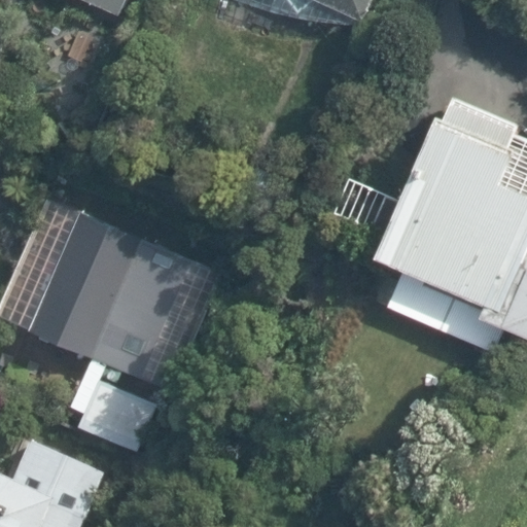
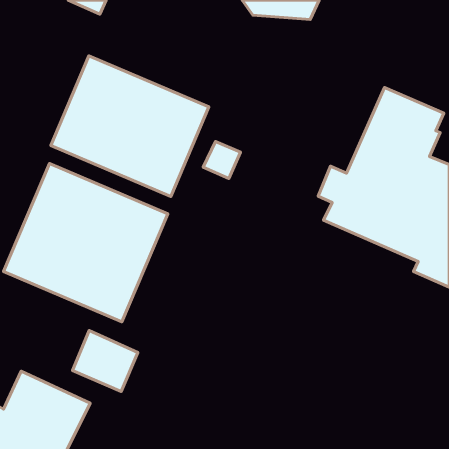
building: none -> [51,56,209,196]

